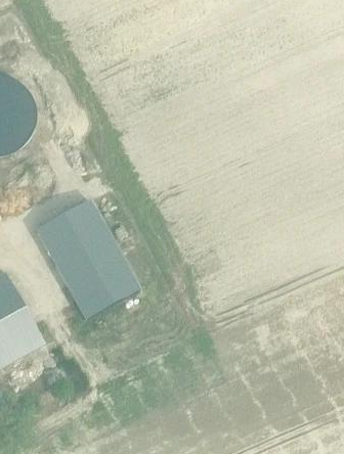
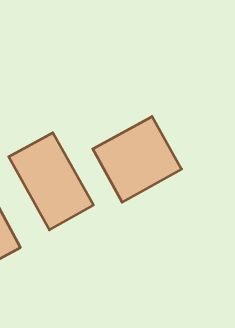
building: none -> [93,116,182,202]

